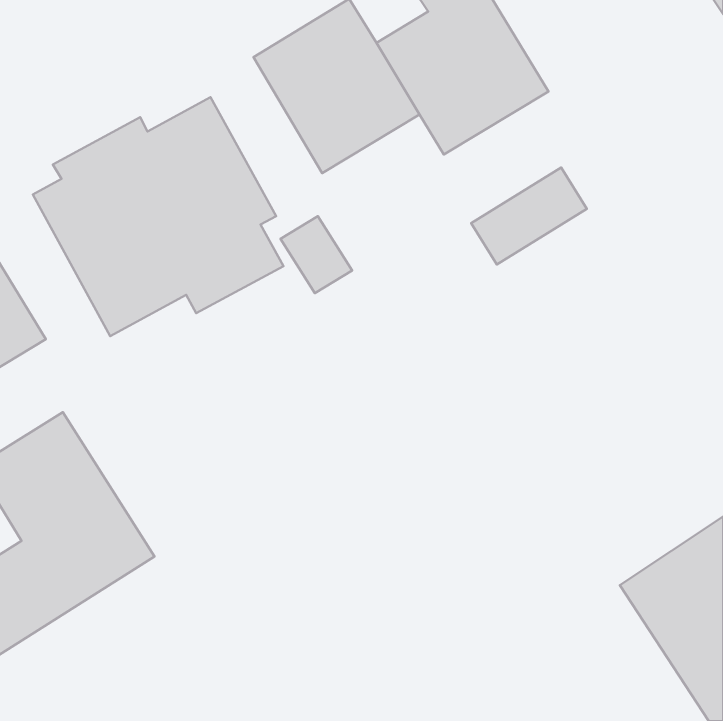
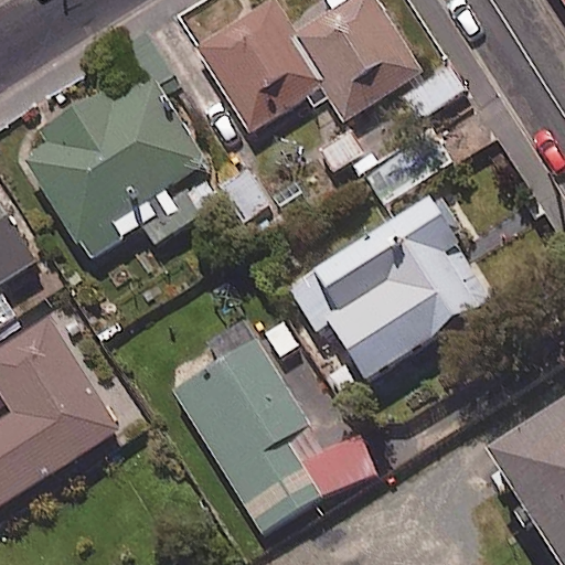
building: none -> [288,198,494,381]
building: none -> [177,318,375,532]

